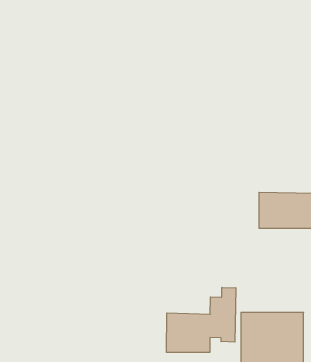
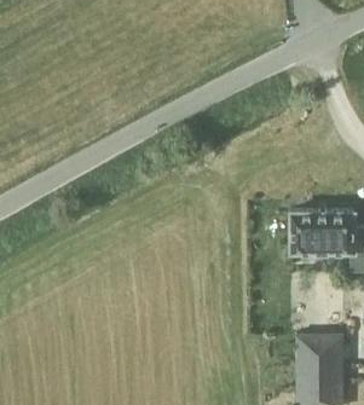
building: [166,287,236,352] -> none

